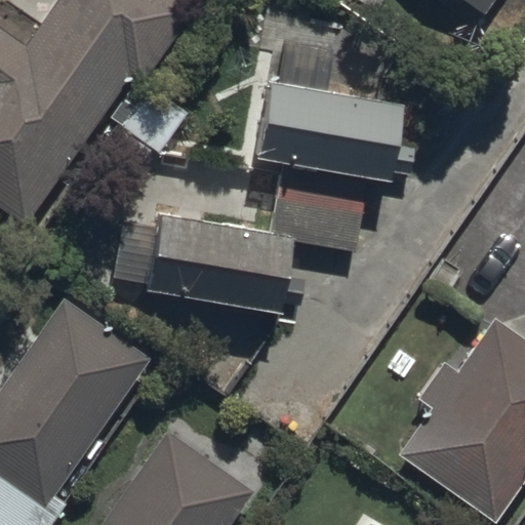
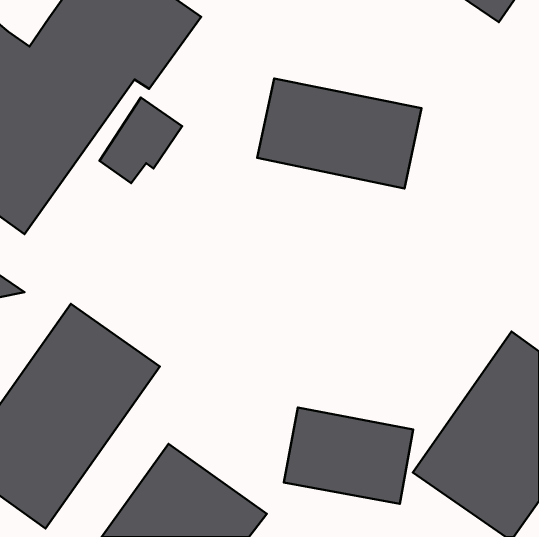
building: [145,170,372,314] -> none
building: none -> [284,407,413,504]

